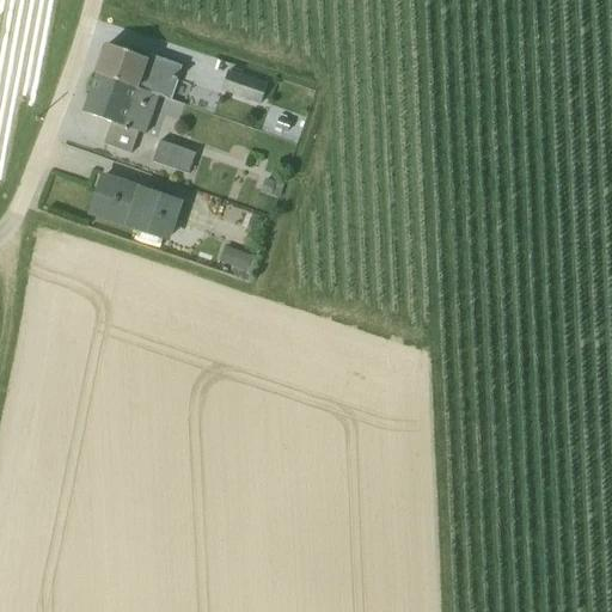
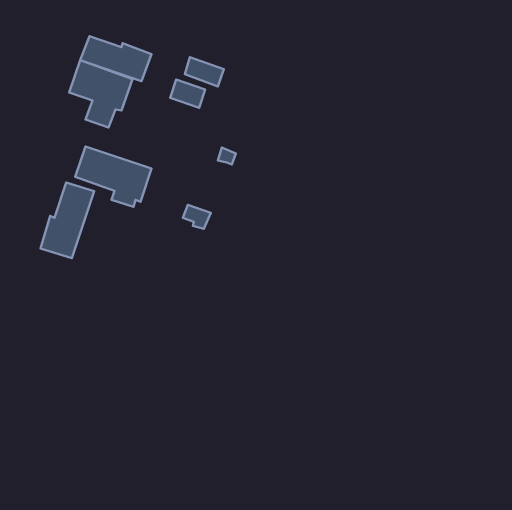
building: [153,139,195,172] -> [170,80,205,108]
building: none -> [41,183,94,258]

